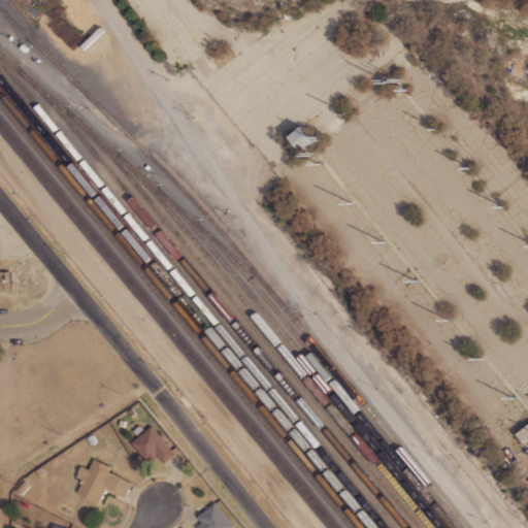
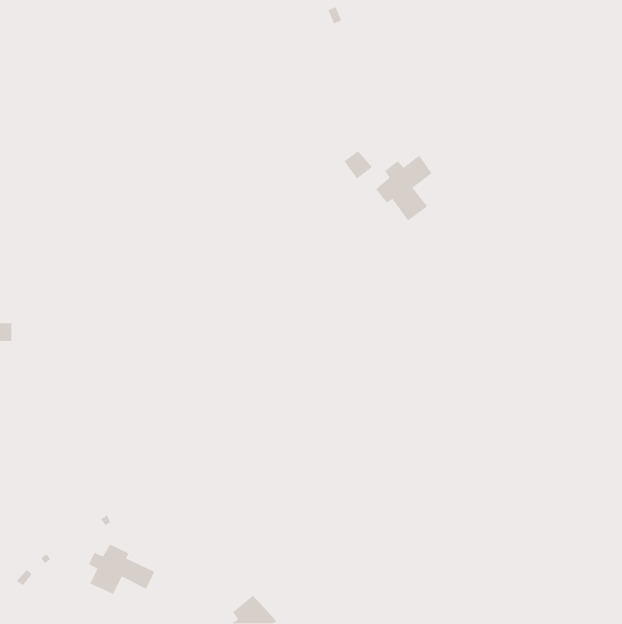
building: none -> [375,154,432,222]
building: [130,427,173,463] -> none

